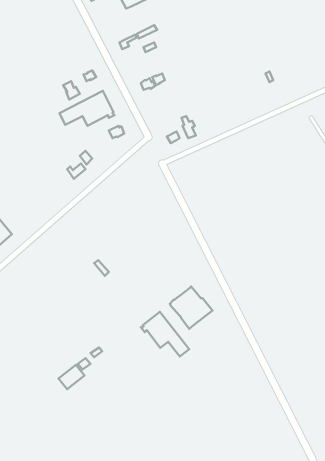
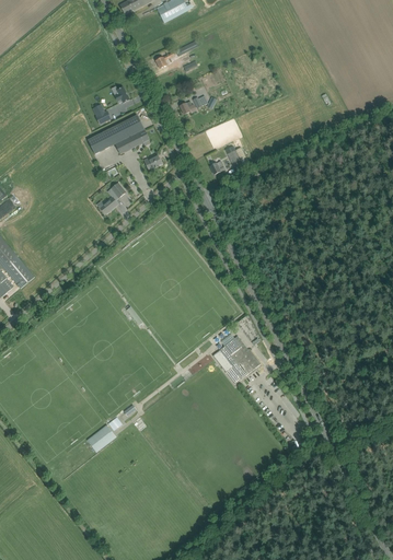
building: [141,312,189,357] -> none

